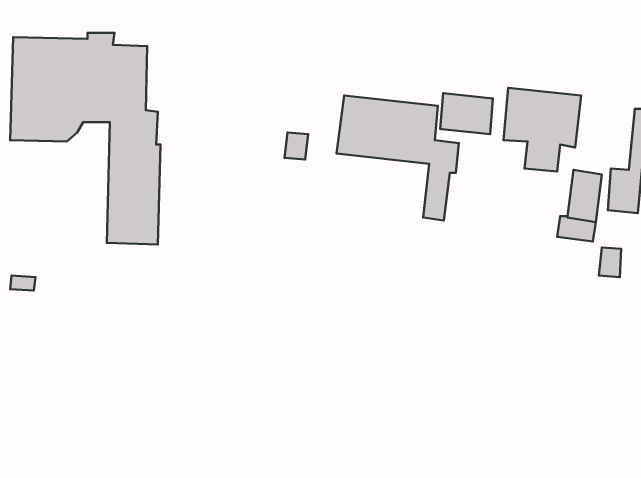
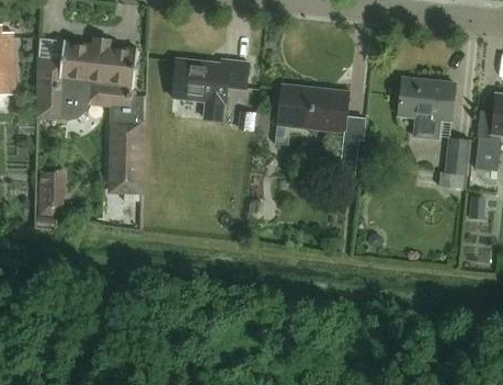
building: none -> [172,58,249,121]
building: [440,93,493,134] -> none
building: none -> [38,170,62,214]

